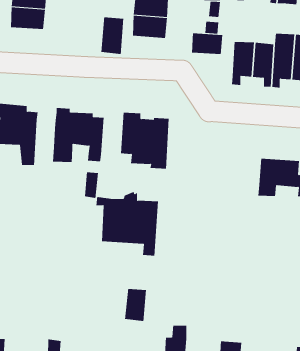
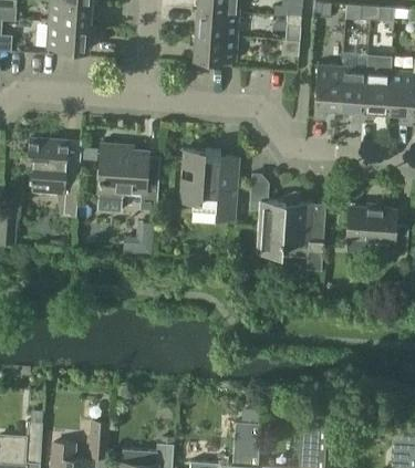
building: [101,17,124,55] -> none
building: [191,32,223,55] -> none
building: [96,191,159,256] -> [249,193,325,271]
building: [124,288,146,322] -> none

